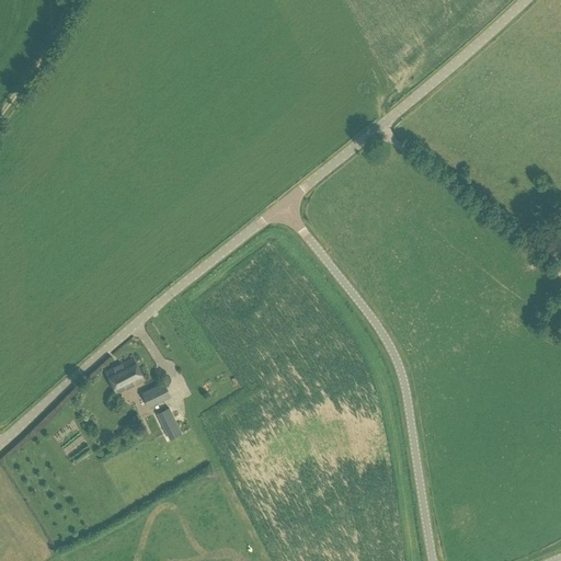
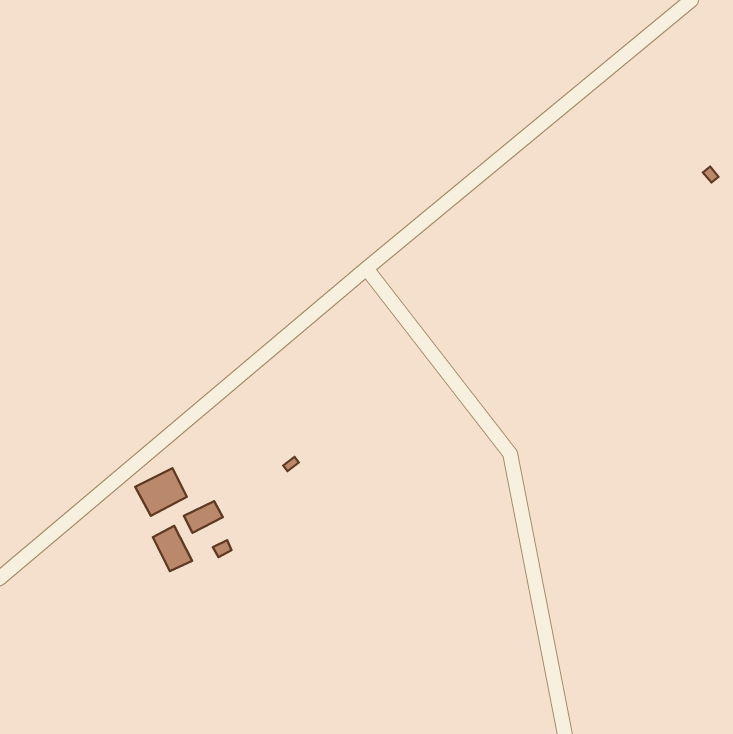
building: none -> [153,526,192,571]

